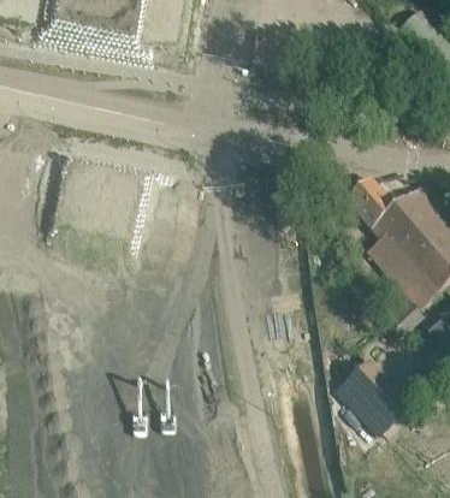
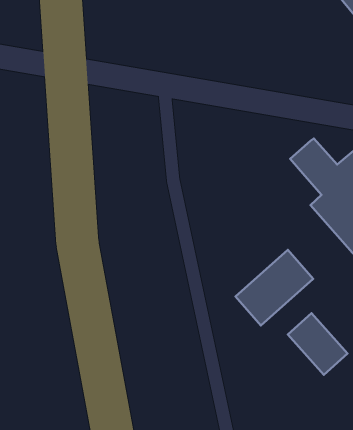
building: none -> [235,250,313,326]

